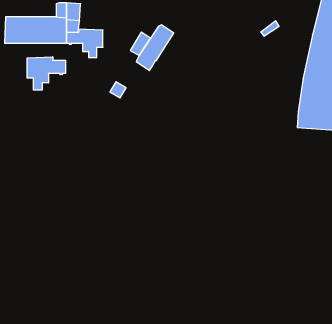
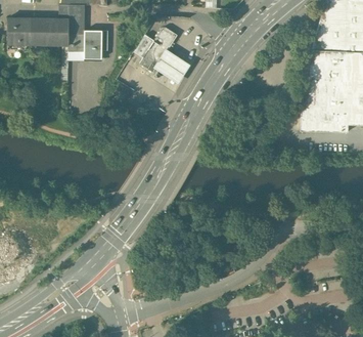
building: none -> [155,51,191,85]
building: [27,57,65,90] -> none

